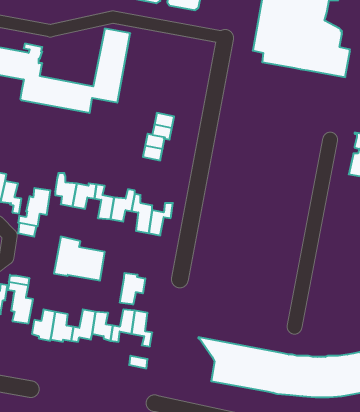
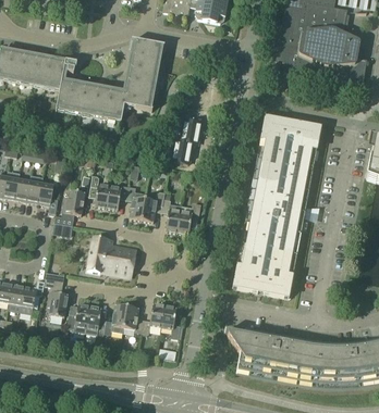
building: none -> [233,115,321,297]
building: [120,273,145,305] -> none

